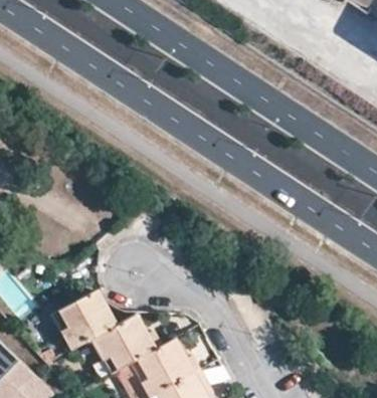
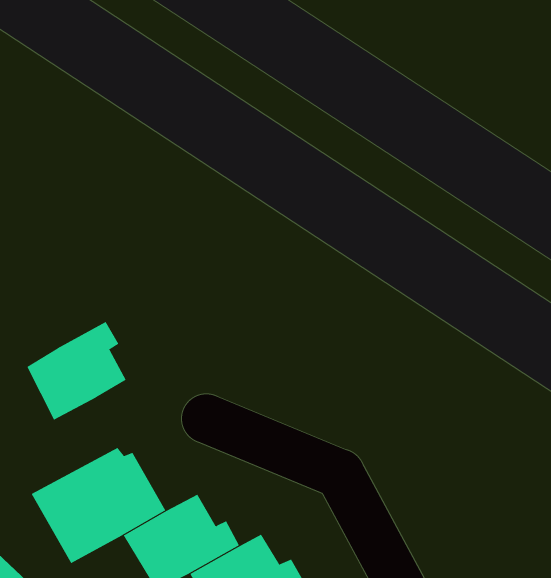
building: none -> [26,321,126,421]

